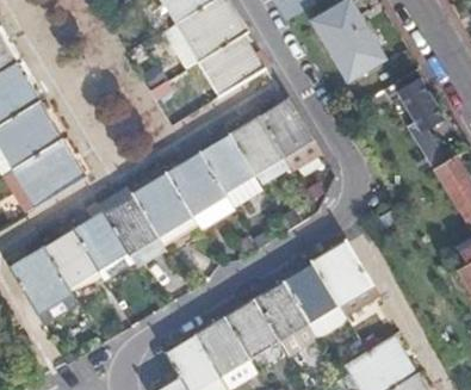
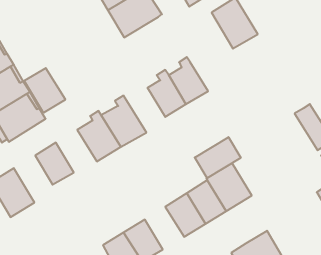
building: [196,36,264,98] -> none
building: [396,80,445,171] -> none
building: [199,128,253,193] -> none
building: [100,193,157,255] -> [24,68,65,112]
building: none -> [195,137,241,178]
building: [42,222,95,286] -> none
building: [224,301,279,360] -> none

